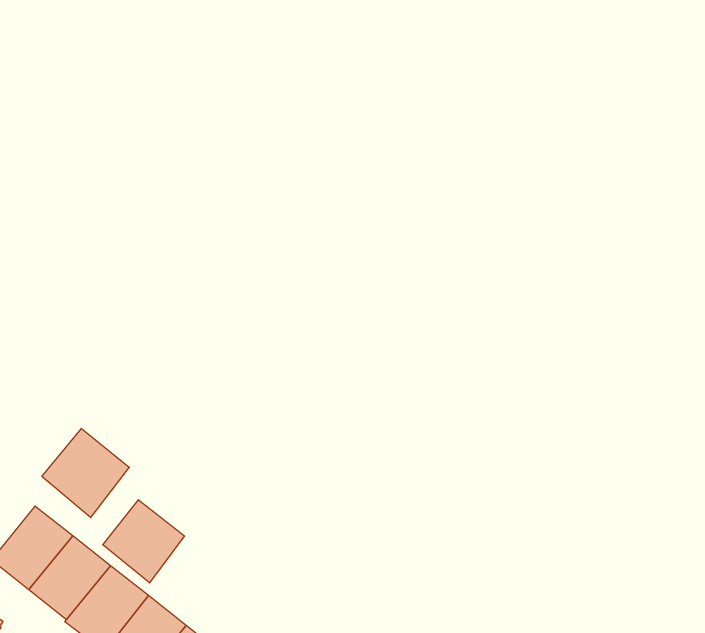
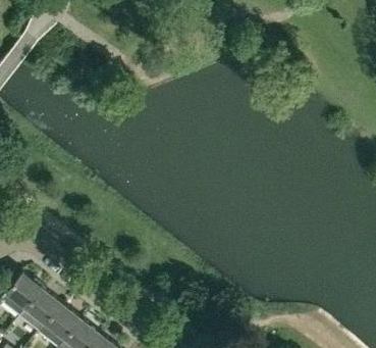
building: [42,428,129,518] -> none
building: [103,500,184,583] -> none

